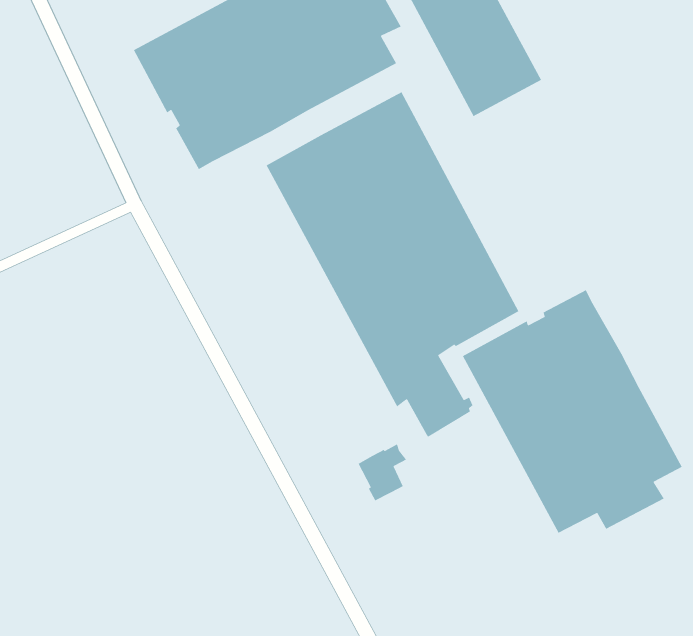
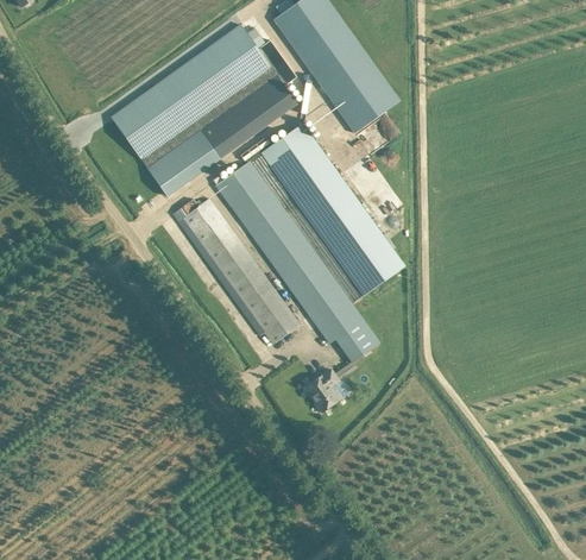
building: none -> [171,197,298,342]
building: [462,289,683,534] -> none

